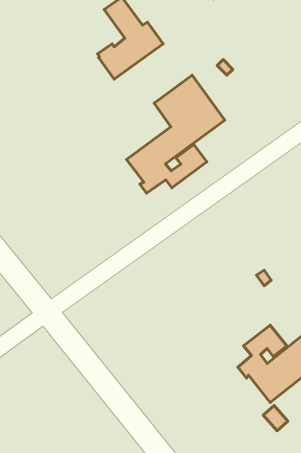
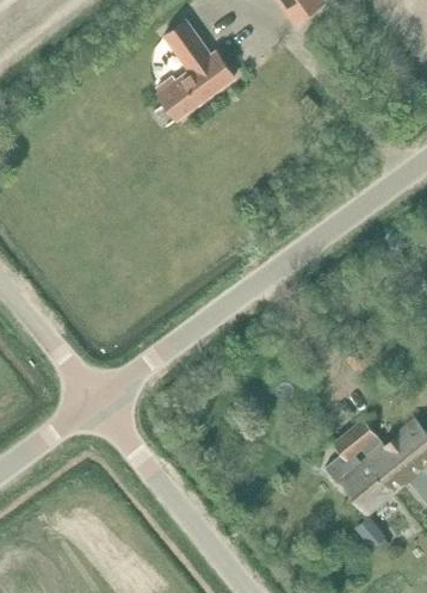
building: [127,75,225,193] -> none

